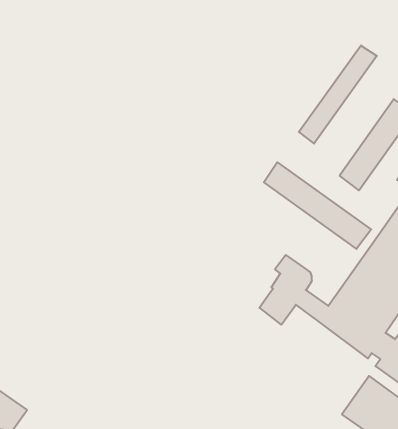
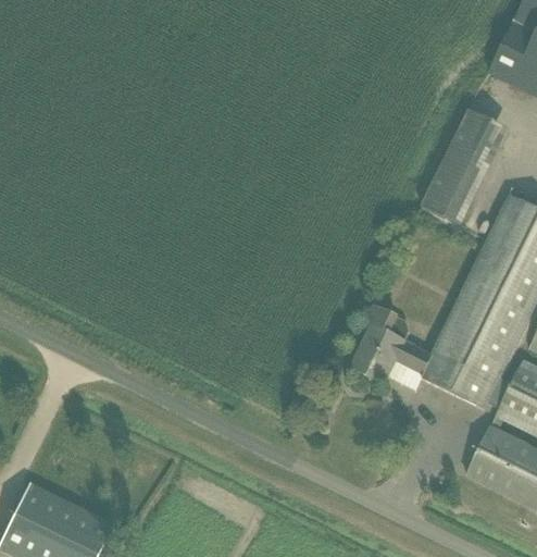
building: [299,45,377,144] -> none
building: [264,162,371,249] -> none

